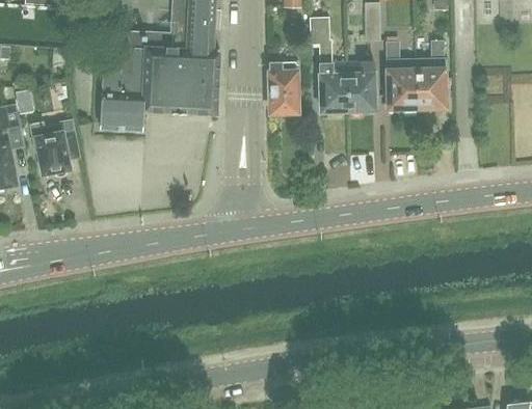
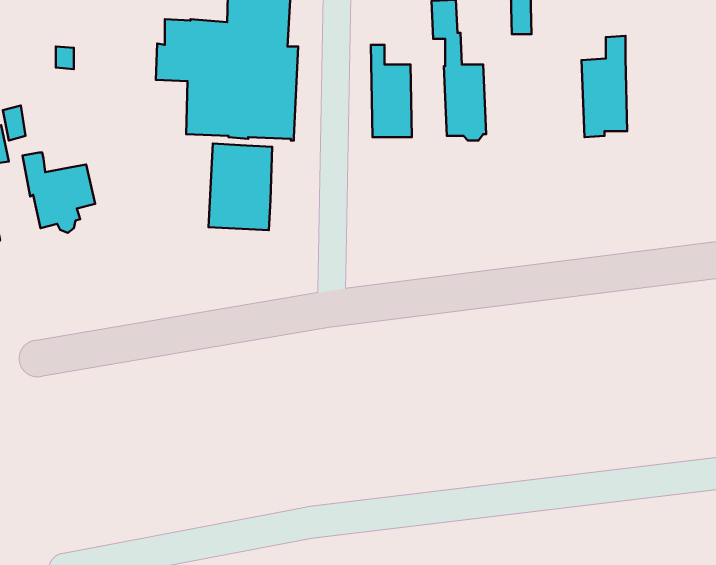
building: [384,42,416,111] -> none
building: [346,60,375,113] -> none
building: [100,71,143,130] -> [208,144,272,230]

